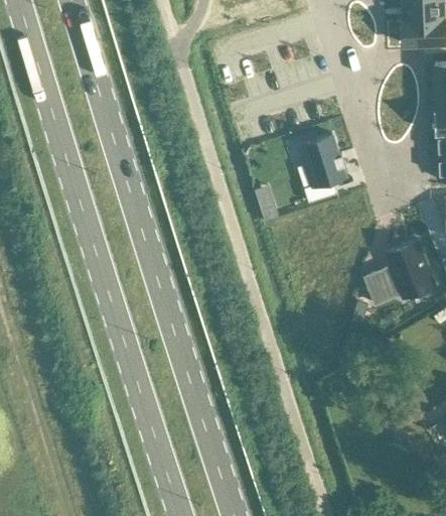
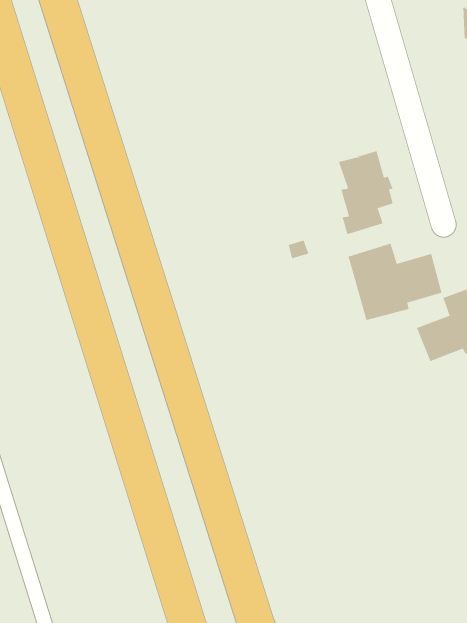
building: none -> [348,243,442,321]

